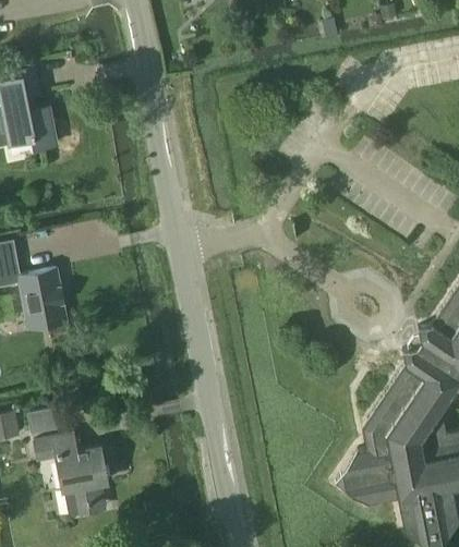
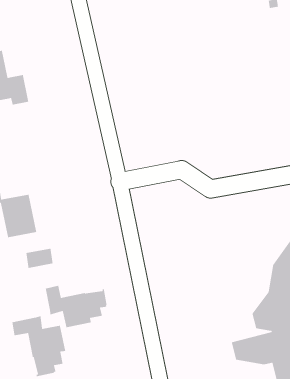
building: none -> [45,285,108,328]
building: [29,406,68,435] -> [25,248,53,269]

